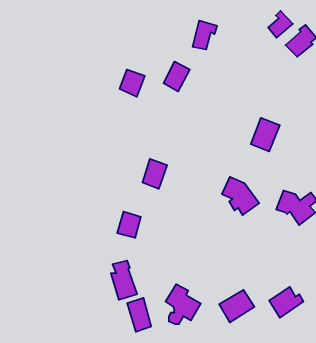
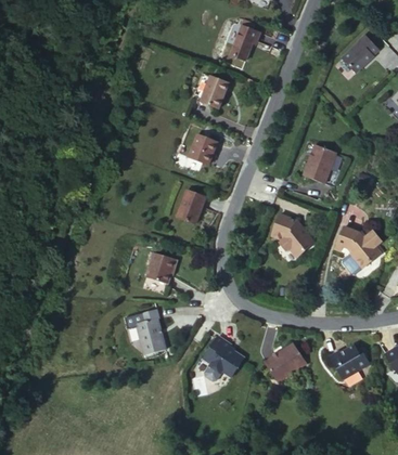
building: [268,11,293,38] -> none
building: [119,70,145,97] -> [185,132,216,165]
building: [127,298,151,332] -> none

